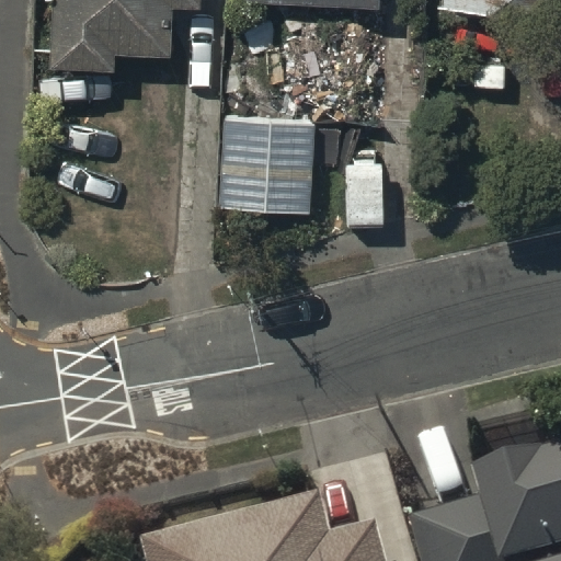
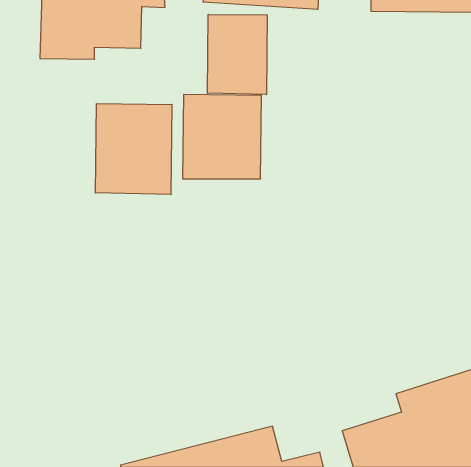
building: none -> [207,14,267,95]
building: none -> [95,104,172,195]

